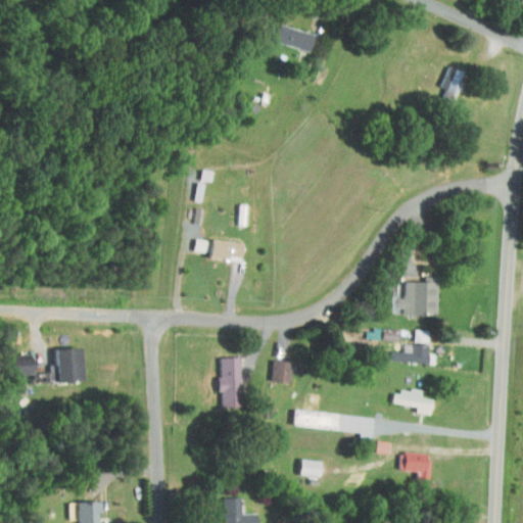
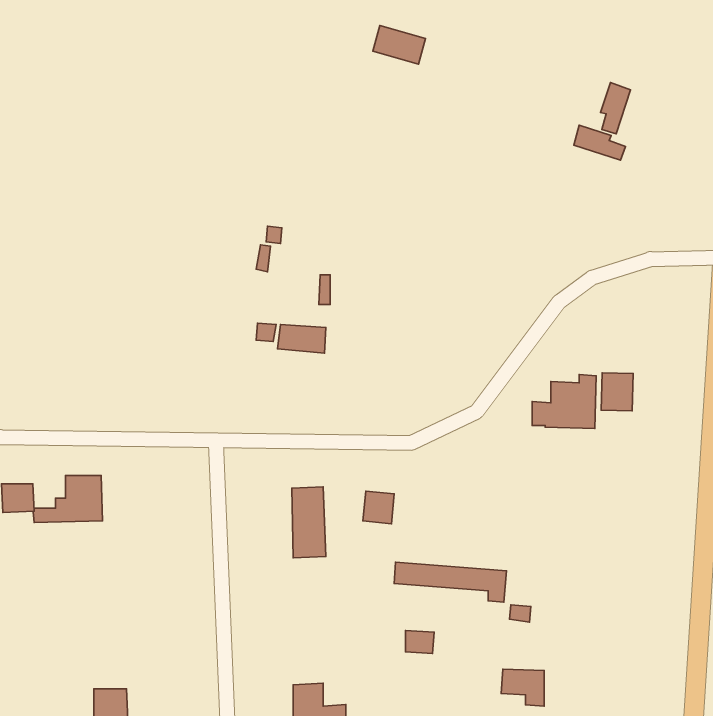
building: none -> [574,125,625,160]
building: none -> [601,373,633,411]
building: [392,345,429,364] -> none
building: [393,389,433,415] -> none
building: [399,454,430,480] -> [501,669,544,706]

